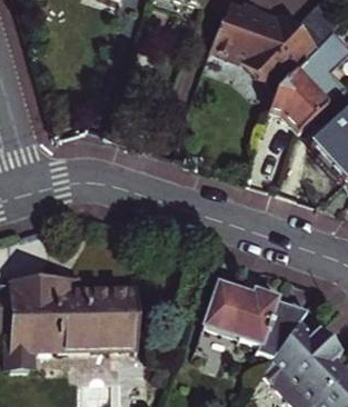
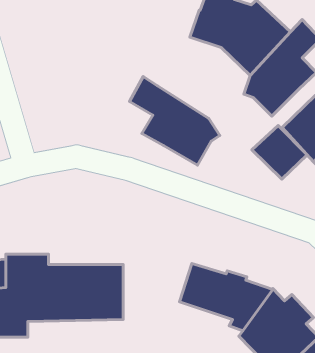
building: none -> [129,77,220,165]
building: none -> [252,126,307,179]

